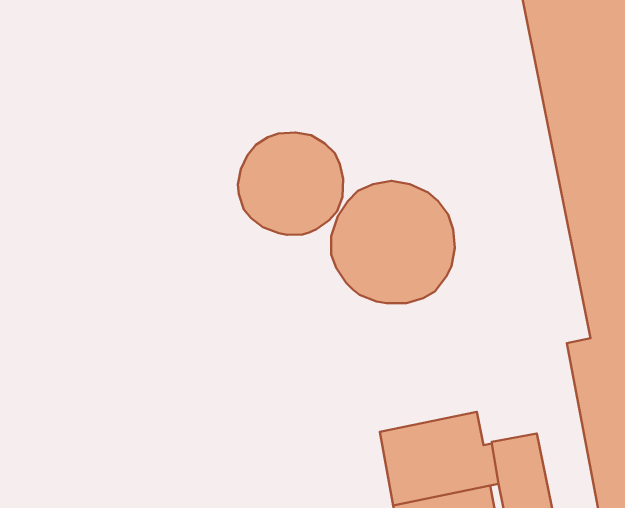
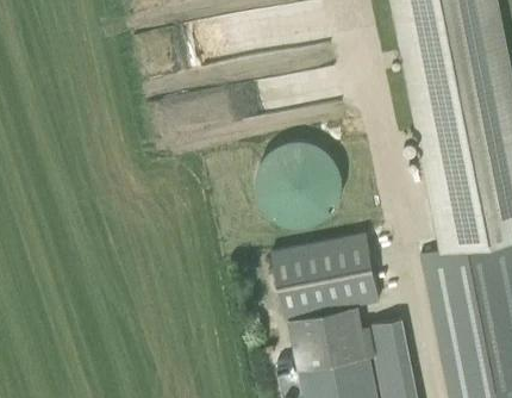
building: [238,132,343,235] -> none
building: none -> [271,236,379,319]

